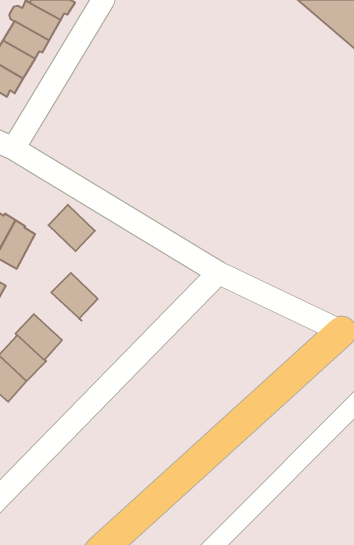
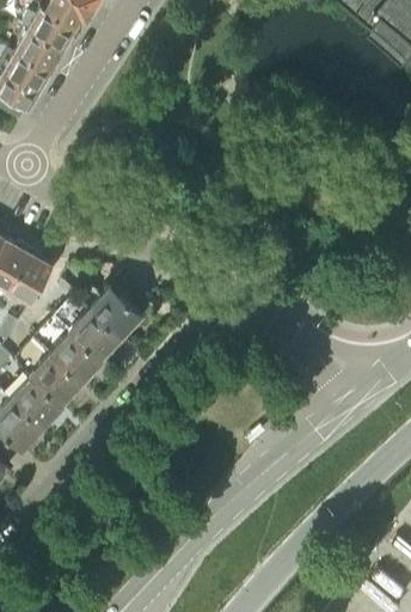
building: [48,205,95,251] -> [91,284,142,336]
building: none -> [50,329,103,381]

